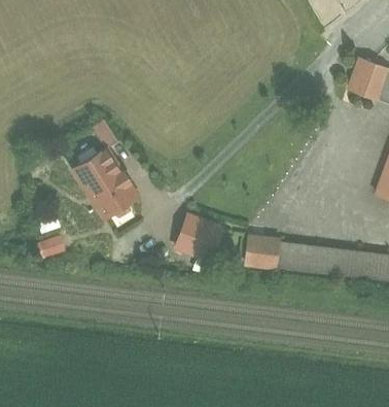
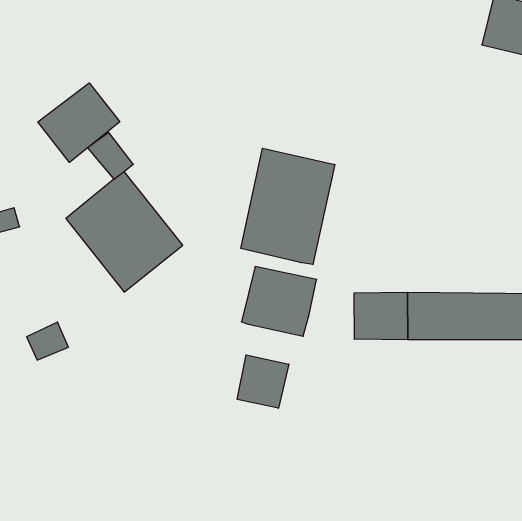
building: none -> [38,83,120,162]
building: none -> [241,148,335,265]
building: none -> [237,355,289,408]

